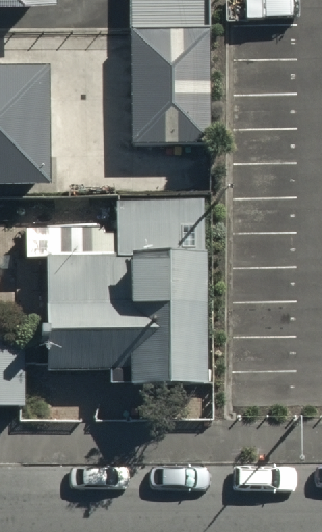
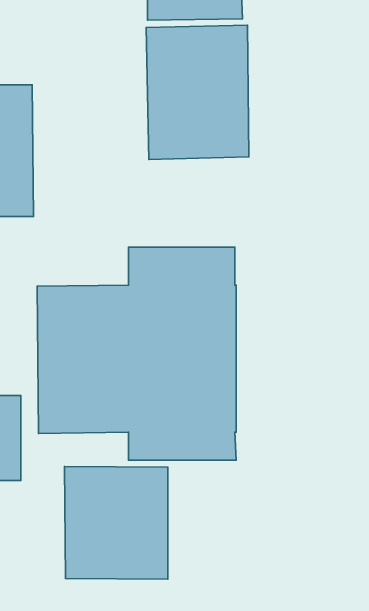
building: none -> [64,467,168,579]

